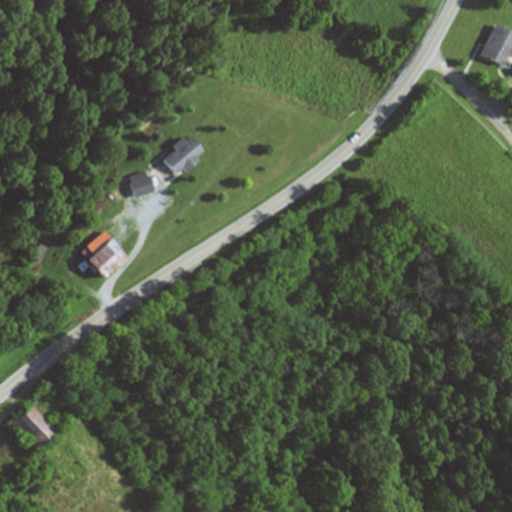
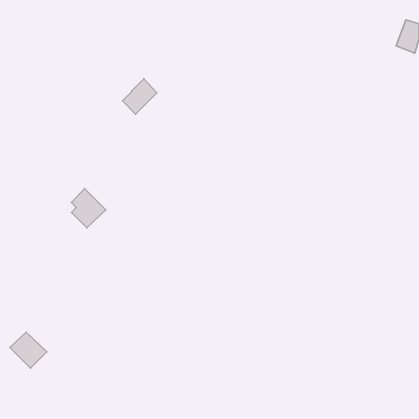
building: [162,134,204,177] -> [122,79,157,114]
building: [128,171,153,197] -> none

